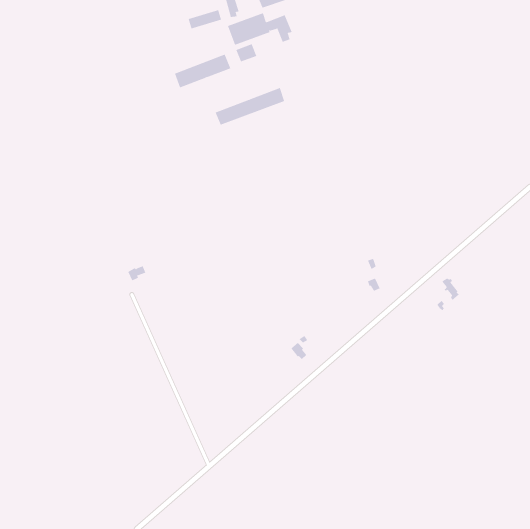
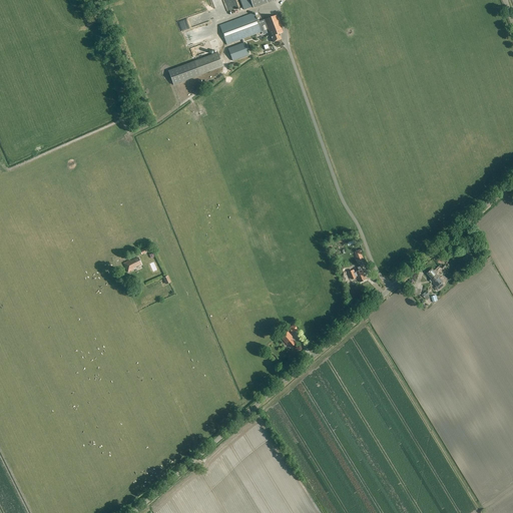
building: [215,87,285,126] -> none

